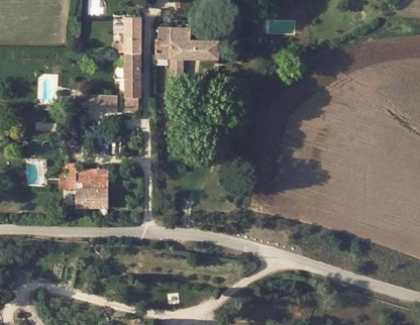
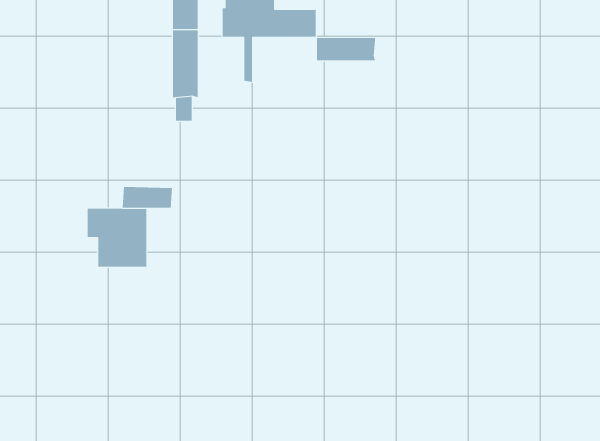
building: none -> [317,37,376,61]
building: [83,94,116,108] -> [122,186,173,208]

